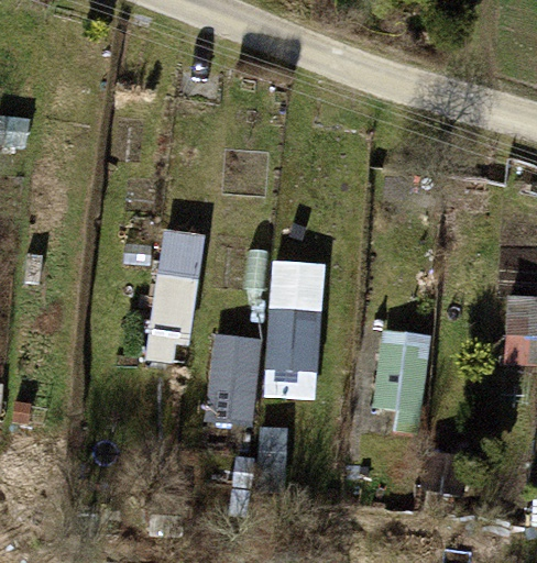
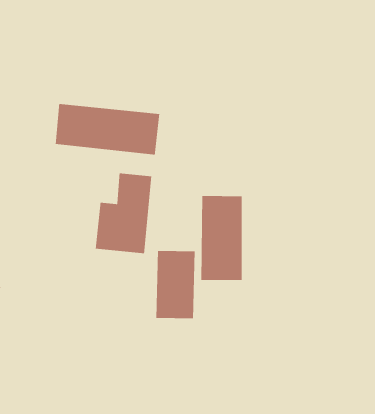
building: none -> [55,103,160,155]
building: [373,330,425,424] -> none

